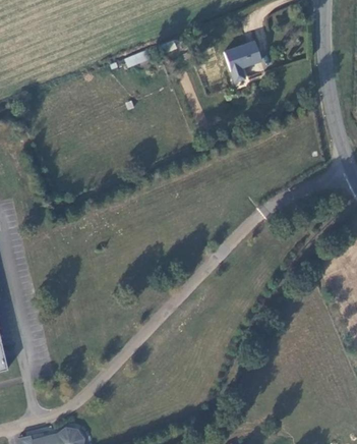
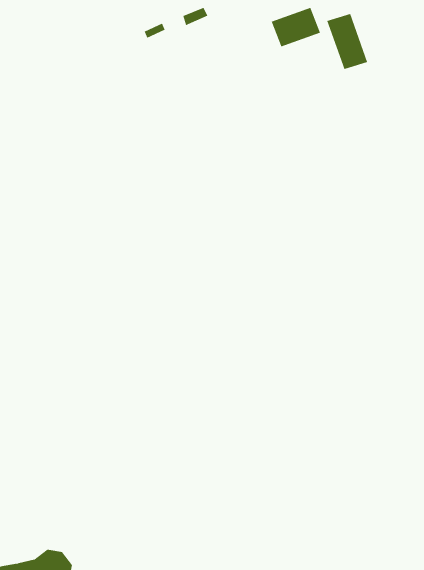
building: none -> [327,13,368,70]

